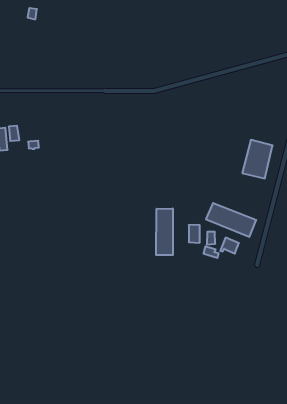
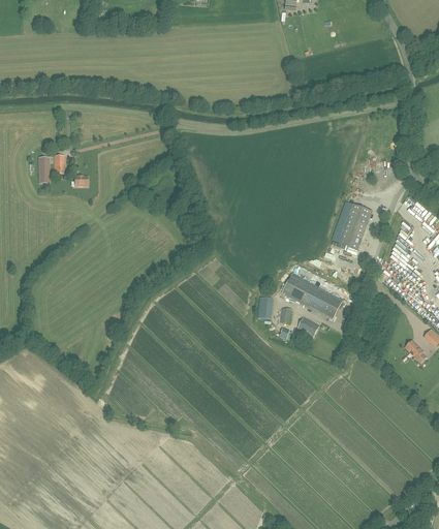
building: [156,208,173,255] -> none

